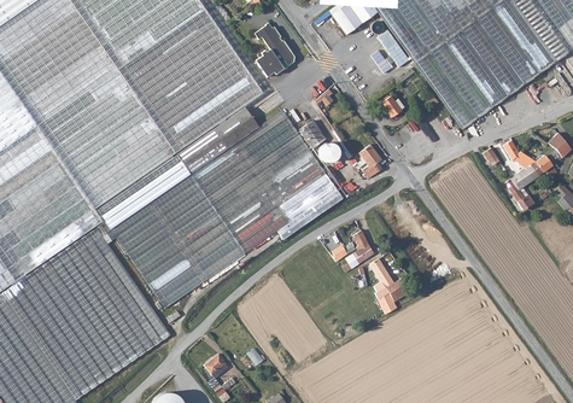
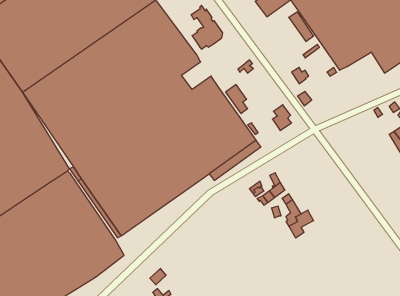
building: [442,77,498,130] -> none

